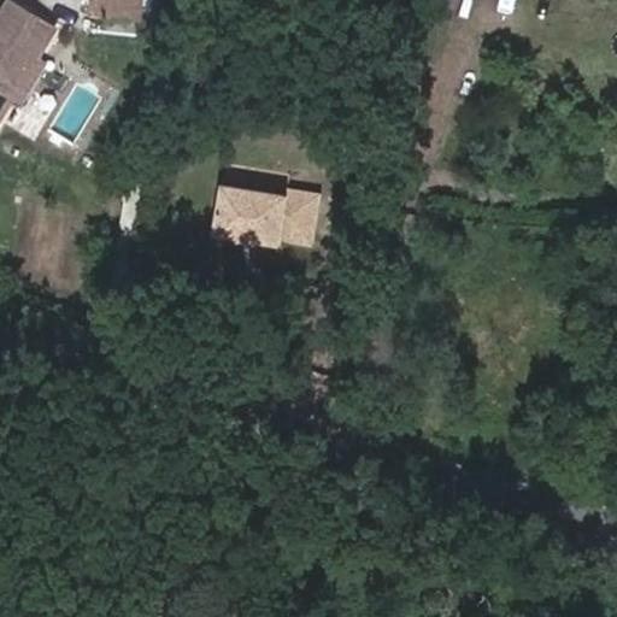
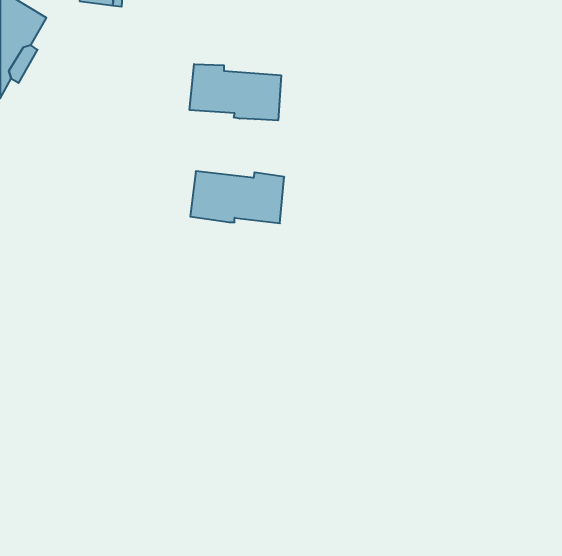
building: none -> [190,64,281,120]

